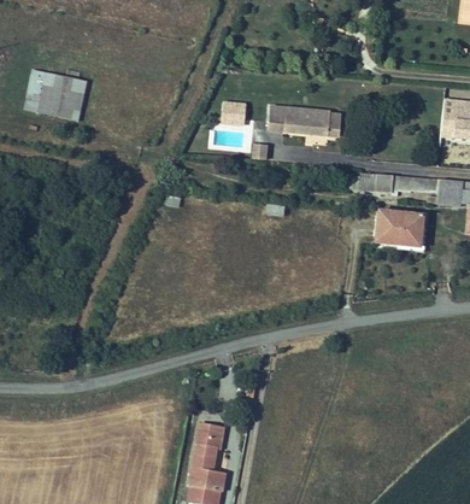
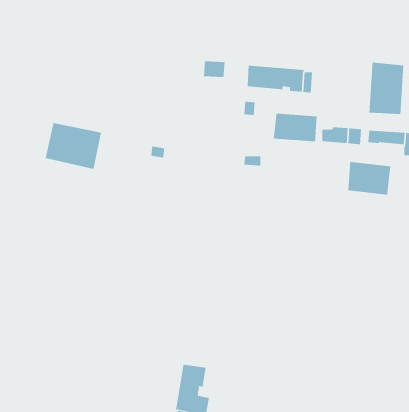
building: [24,70,86,121] -> [45,122,102,169]
building: none -> [369,62,404,115]
building: none -> [273,113,317,142]

